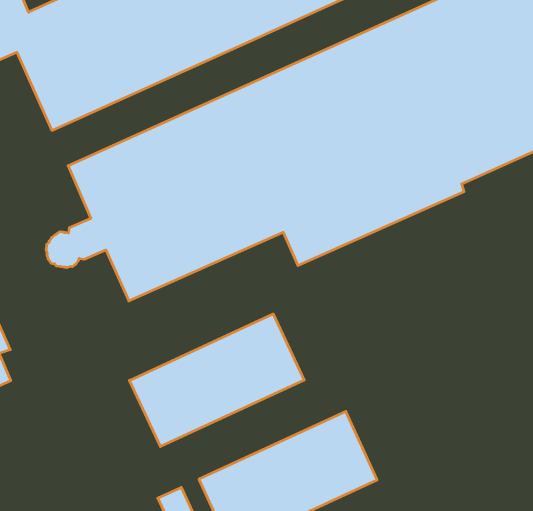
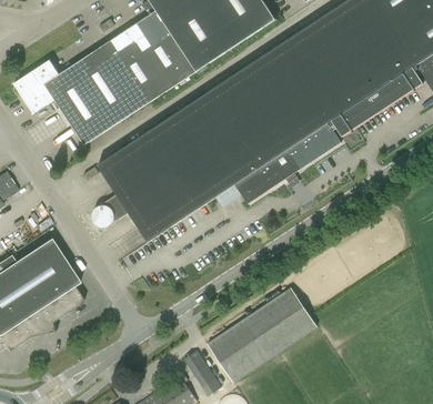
building: [129,314,304,447] -> none

